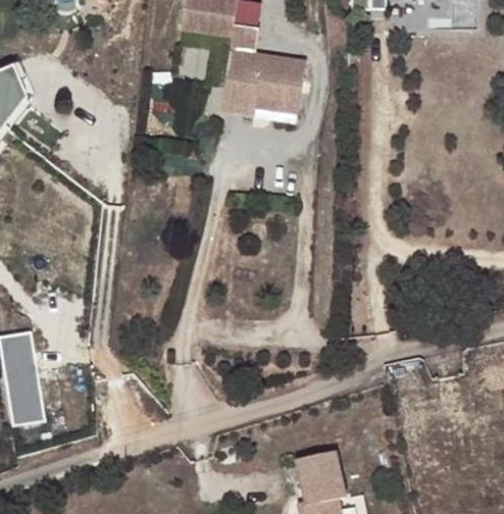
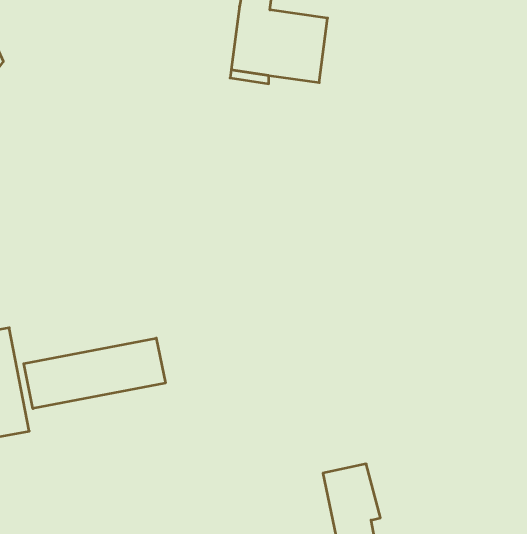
building: none -> [24,338,165,409]

